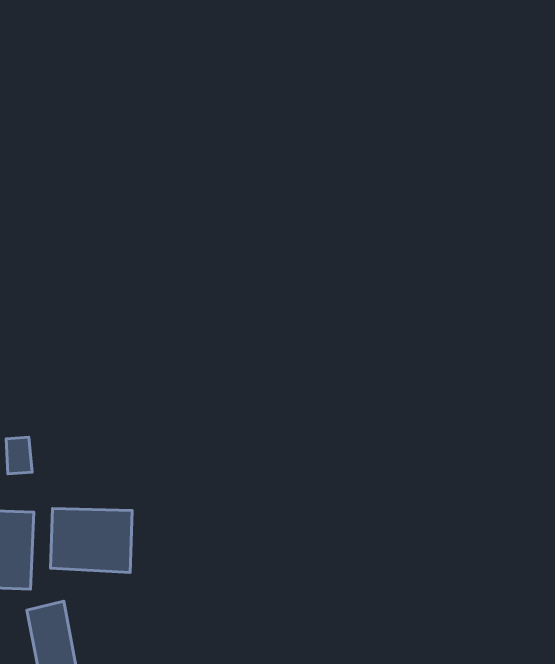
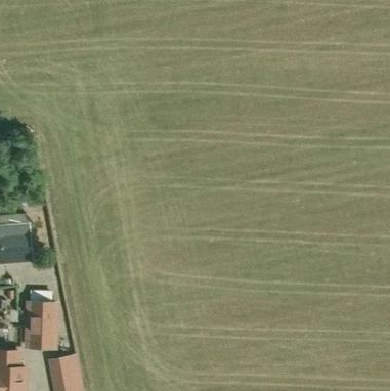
building: [50,508,132,572] -> none

